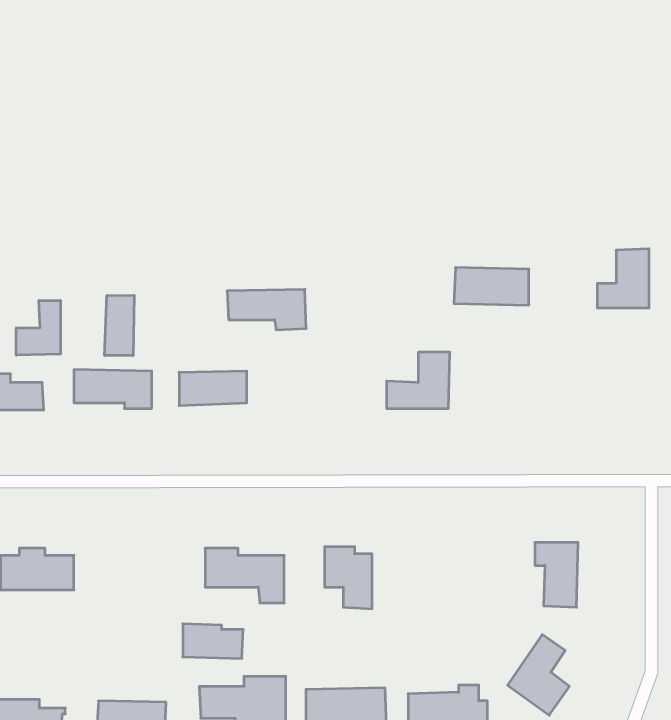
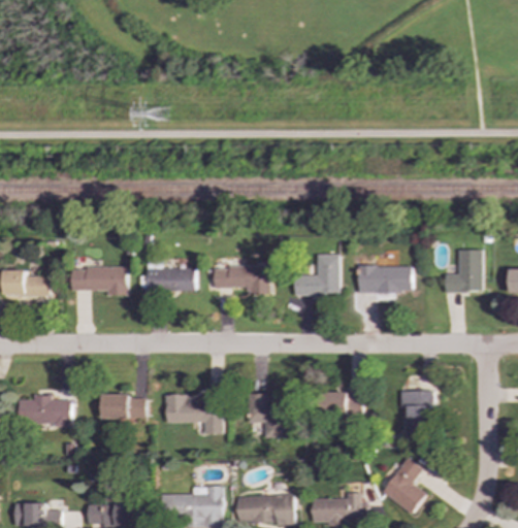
building: [597,249,649,308] -> [445,249,482,291]
building: [454,268,529,305] -> [358,265,412,292]
building: [227,289,306,330] -> [213,265,269,294]
building: [105,295,134,356] -> none
building: [16,300,60,355] -> none
building: none -> [327,391,362,417]
building: [183,624,243,658] -> [101,393,144,418]

